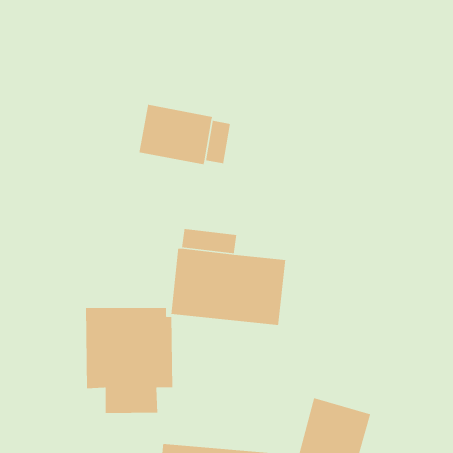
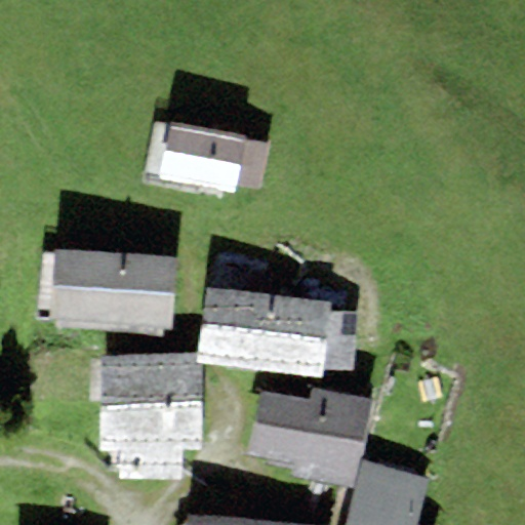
building: none -> [49,248,176,328]
building: none -> [249,389,371,487]

